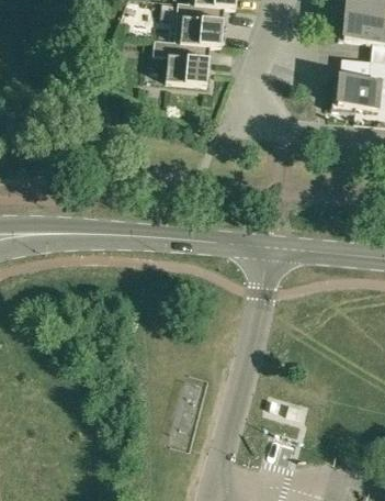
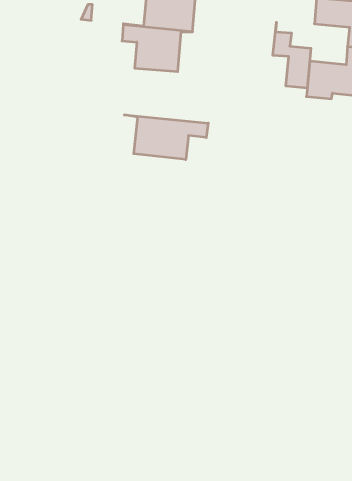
building: none -> [273,22,311,88]
building: none -> [124,115,208,160]

